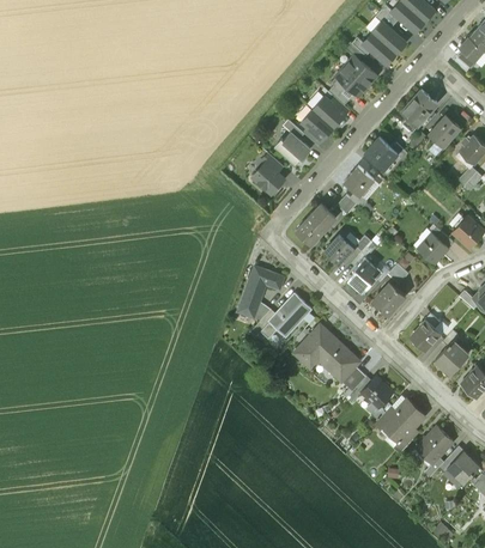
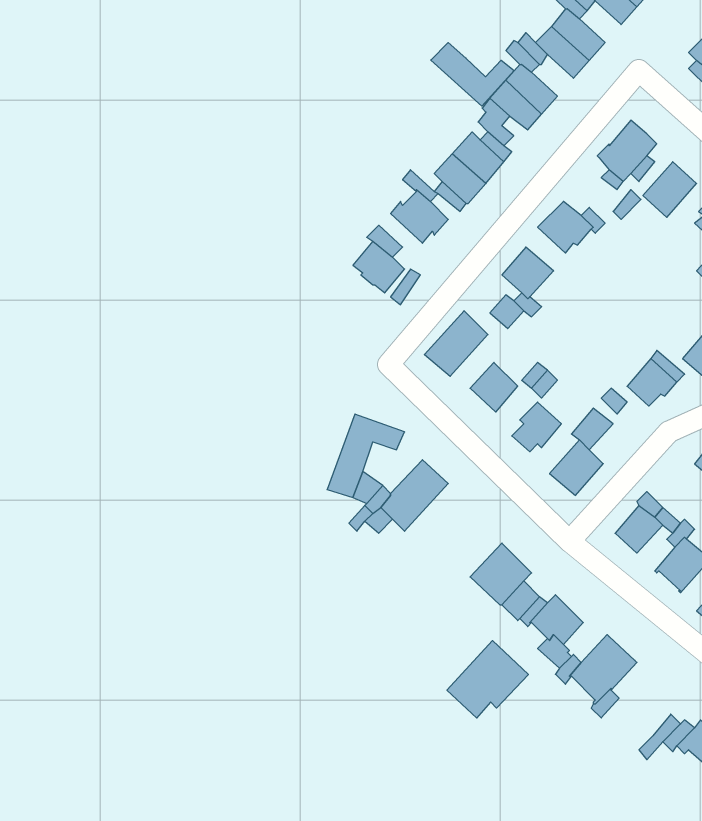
building: none -> [431,43,514,106]
building: [293,324,342,371] -> [447,641,528,718]
building: [419,426,451,461] -> none

